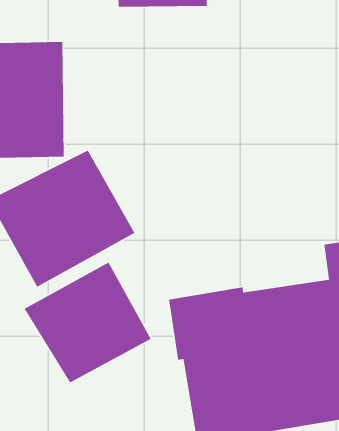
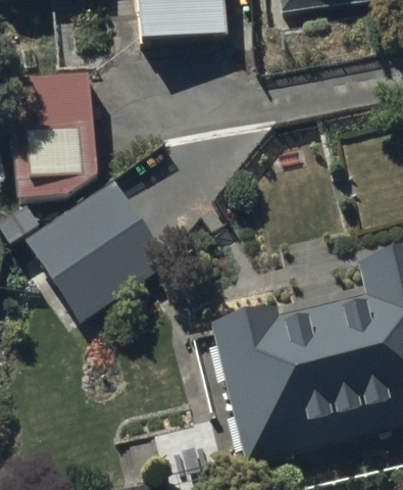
building: [23,262,152,384] -> none

